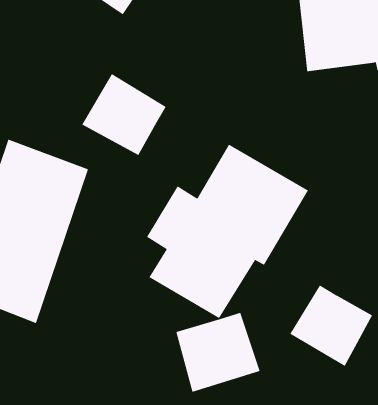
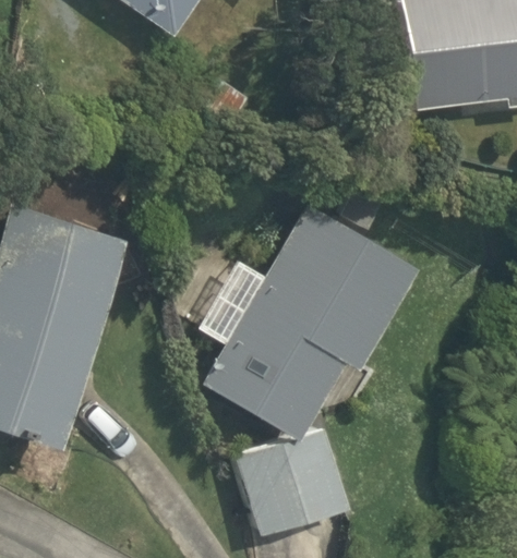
building: [81,73,167,156] -> none
building: [289,285,373,367] -> none

